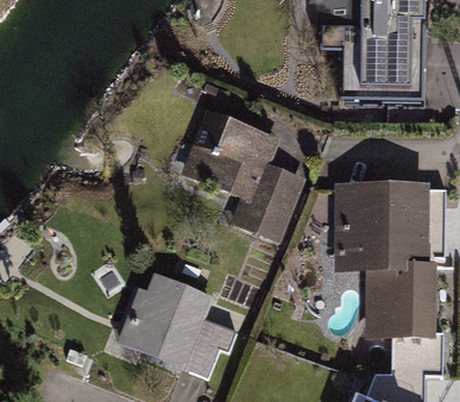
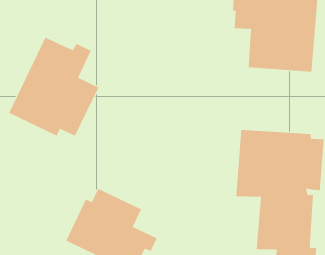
building: none -> [9,37,99,137]
building: [182,108,307,243] -> none

